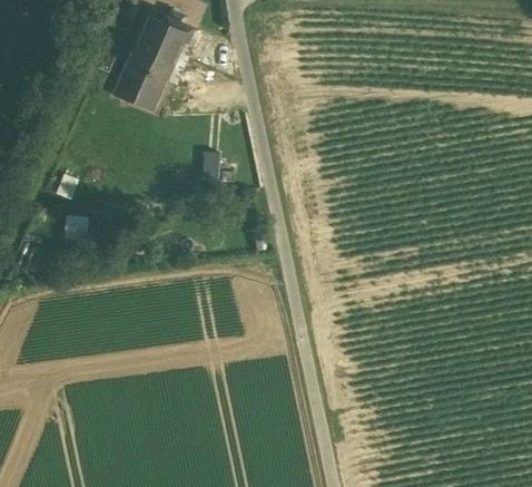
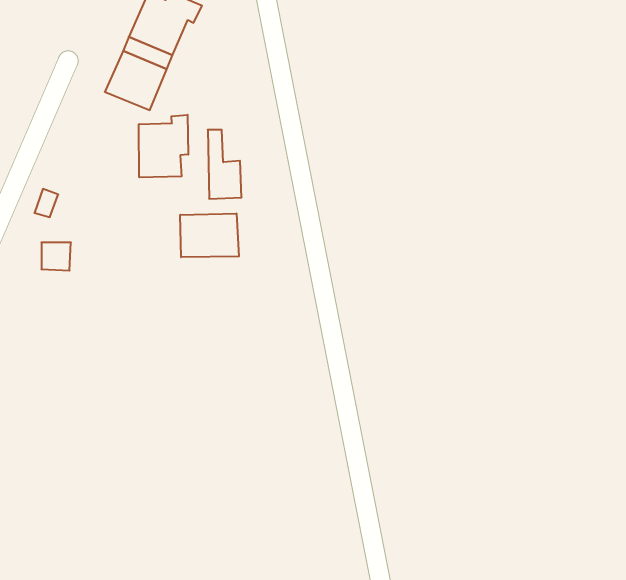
building: none -> [139,115,188,177]
building: none -> [180,213,239,257]

